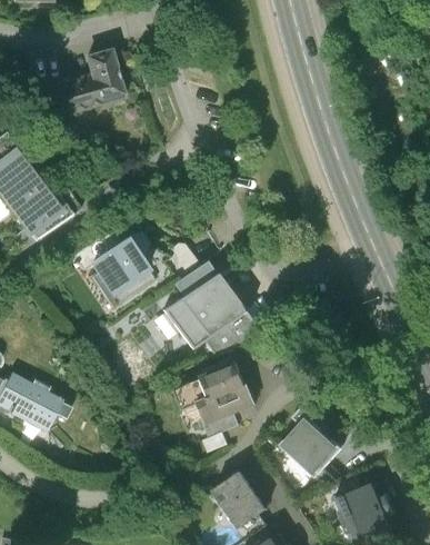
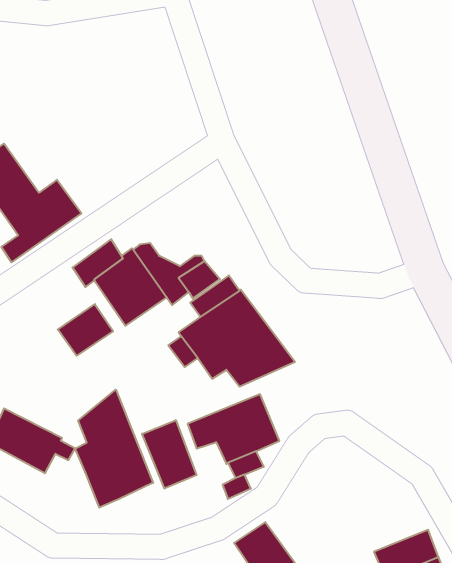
building: [49,48,124,118] -> none
building: none -> [58,304,113,356]
building: none -> [75,390,153,508]
building: none -> [142,420,197,489]
building: [278,416,341,477] -> none

